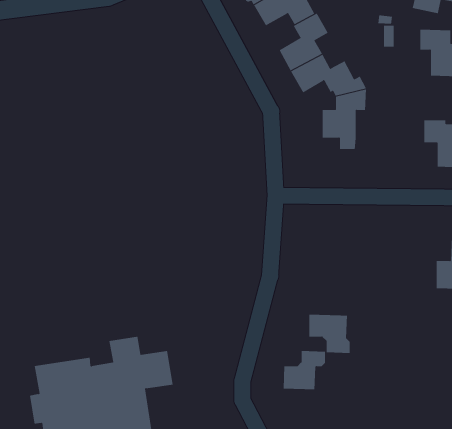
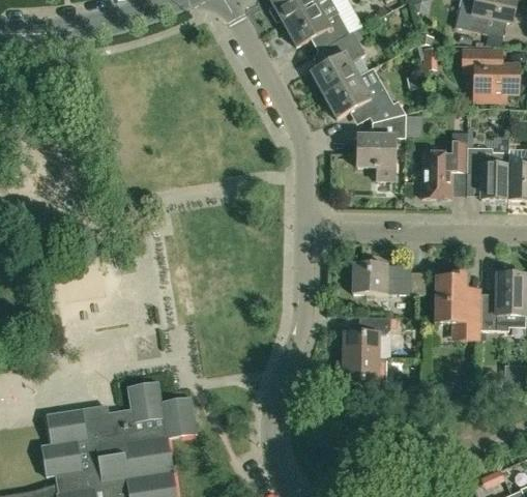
building: none -> [421,142,467,198]
building: none -> [352,263,428,294]
building: none -> [435,272,480,340]
building: [283,350,326,390] -> [343,316,389,358]

